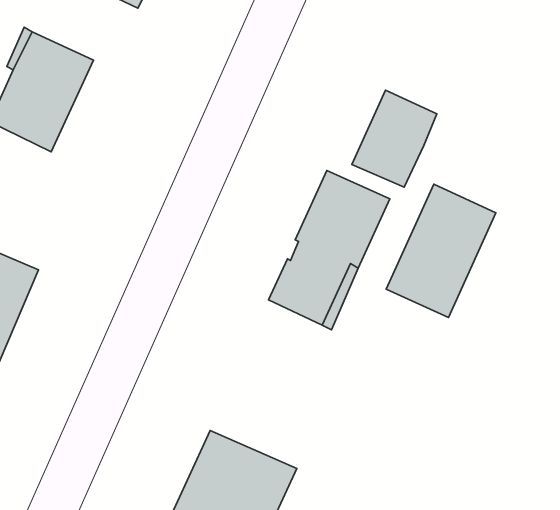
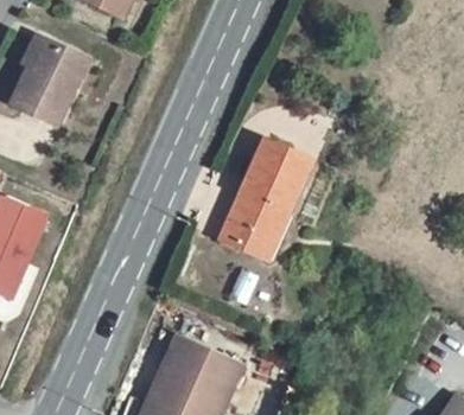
building: [352,90,437,187] -> none
building: [386,184,496,317] -> none

